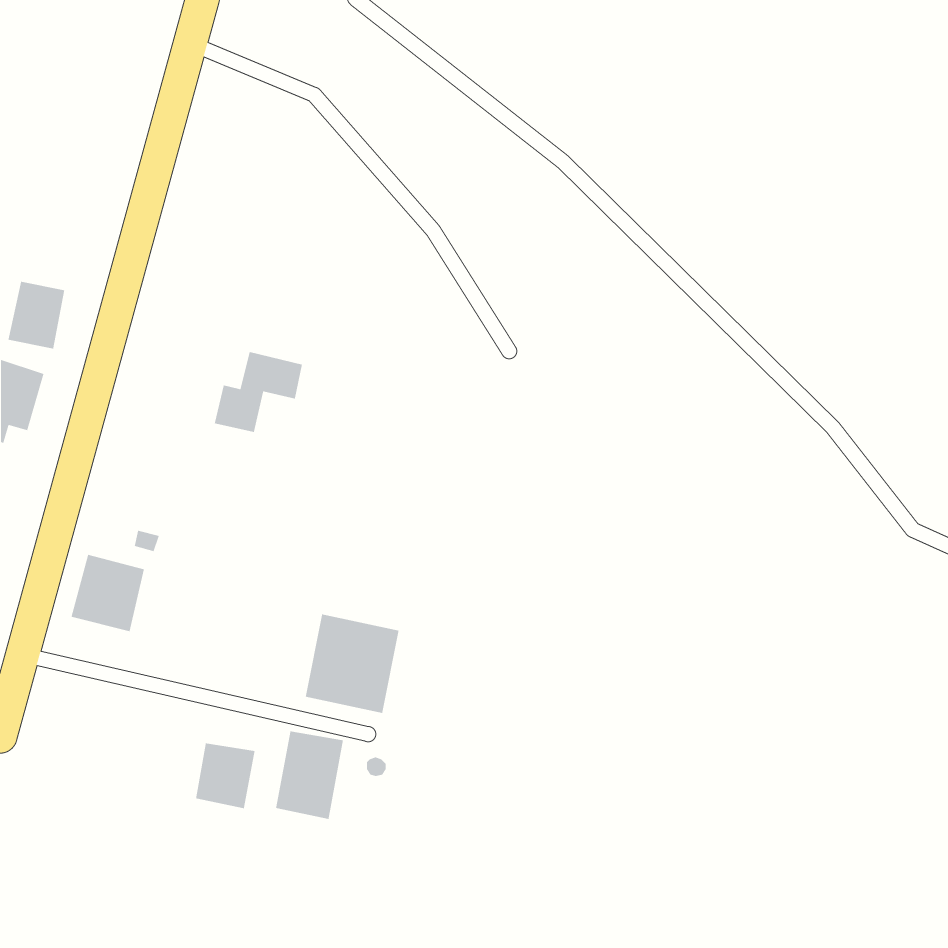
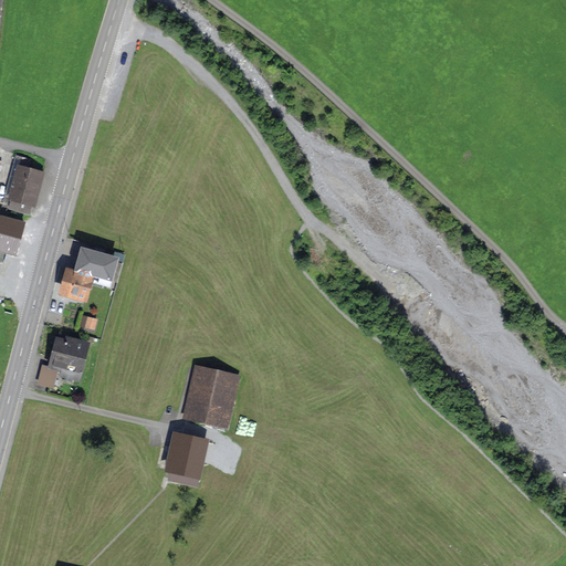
building: [214,351,303,433] -> [63,249,116,297]
building: [195,743,256,809] -> none

